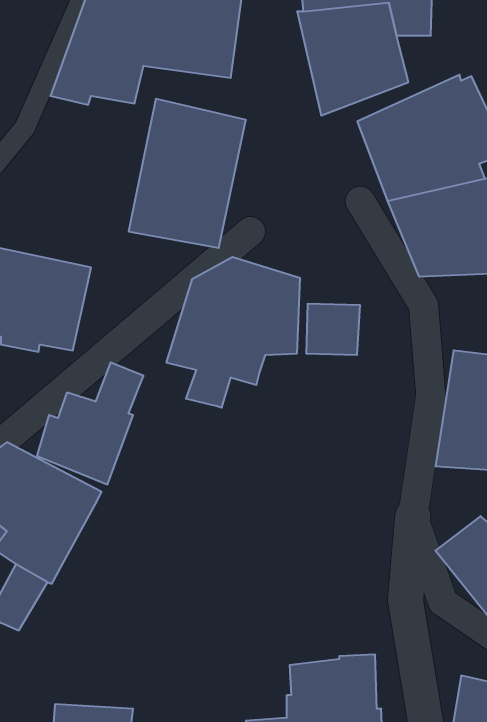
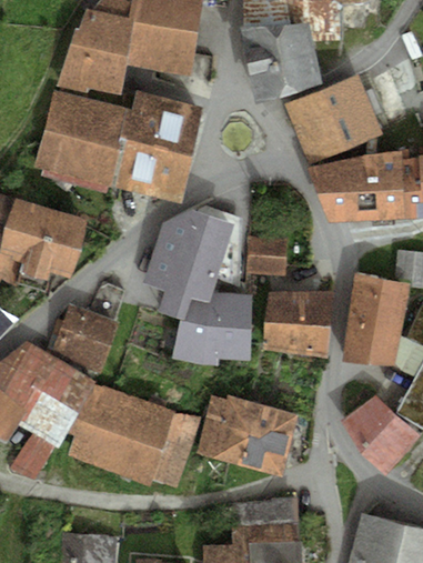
building: none -> [33,93,131,187]
building: none -> [263,290,332,354]
building: none -> [172,291,251,365]
building: none -> [67,385,199,489]
building: none -> [197,394,298,473]

